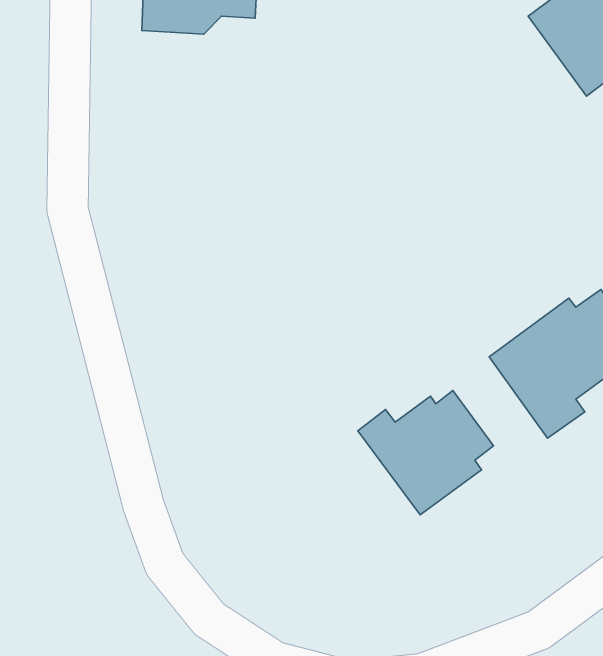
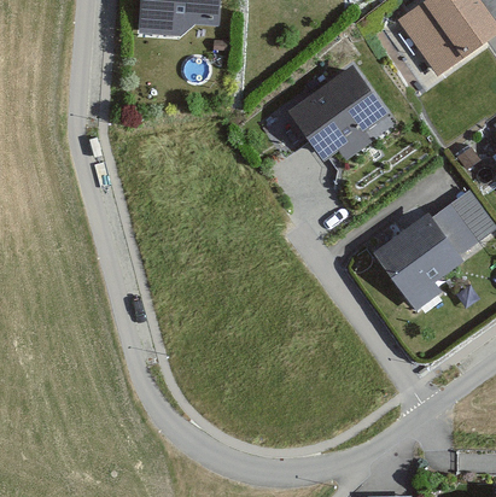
building: none -> [284,65,385,162]
building: [358,390,493,515] -> none

